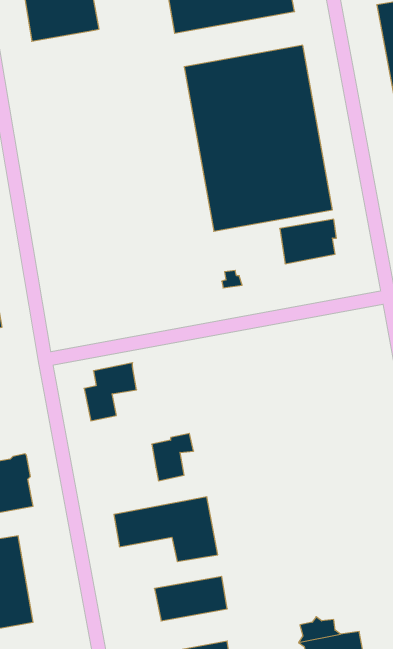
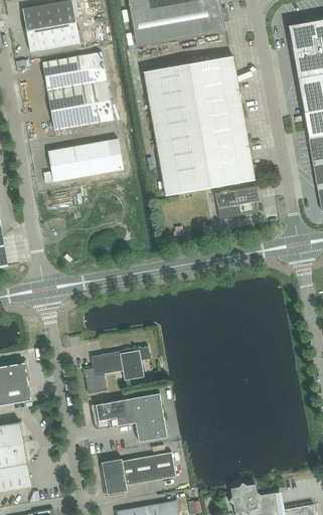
building: none -> [42,52,114,131]
building: none -> [43,139,124,183]
building: [84,363,137,421] -> [84,351,123,394]
building: none -> [102,459,128,495]

